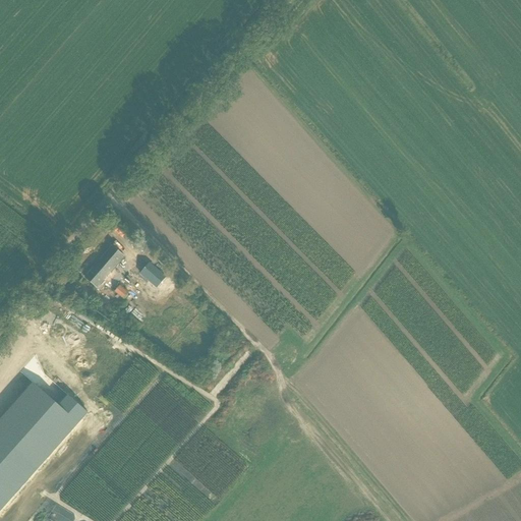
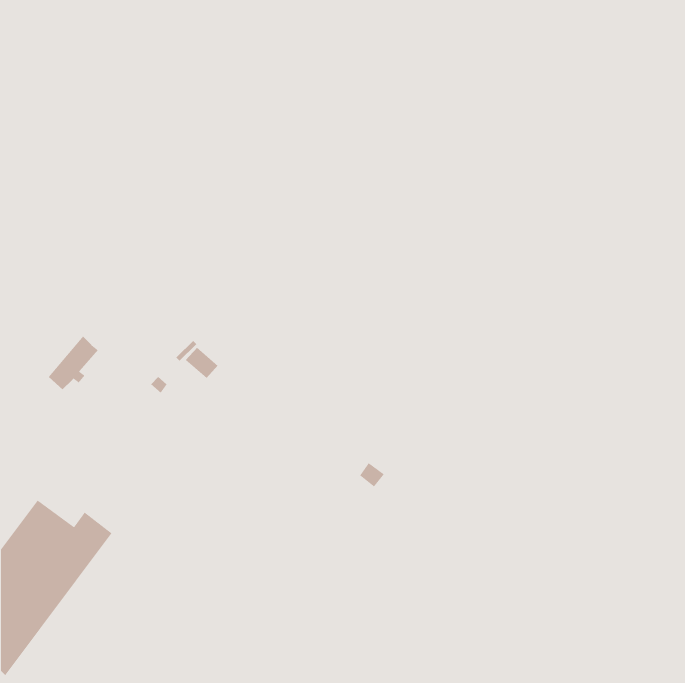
building: [85,247,124,289] -> [48,335,99,390]

